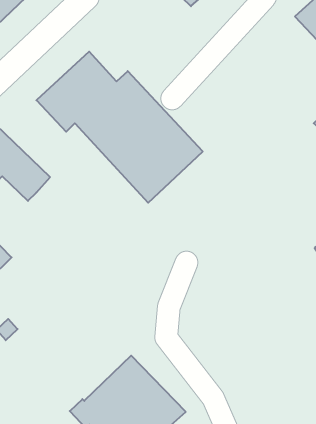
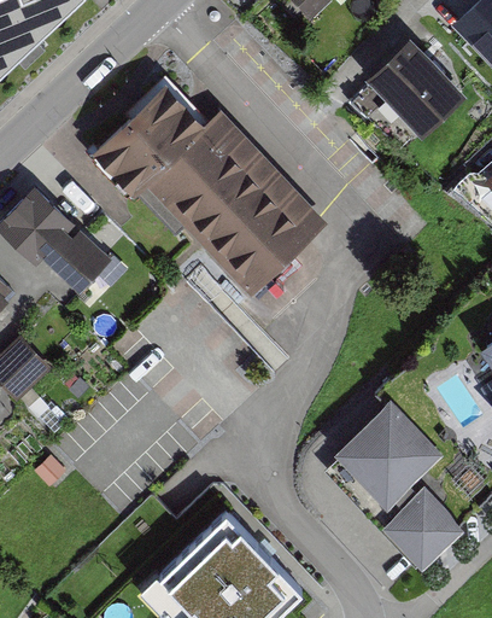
building: none -> [371,49,459,139]
building: none -> [333,400,441,509]
building: none -> [382,486,462,566]

